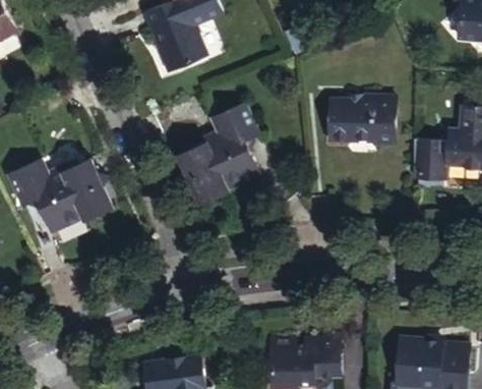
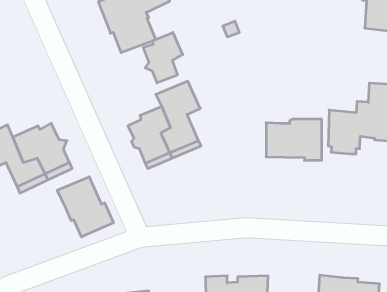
building: none -> [143,32,183,83]
building: [328,96,394,144] -> [266,119,322,160]
building: none -> [57,177,113,237]

